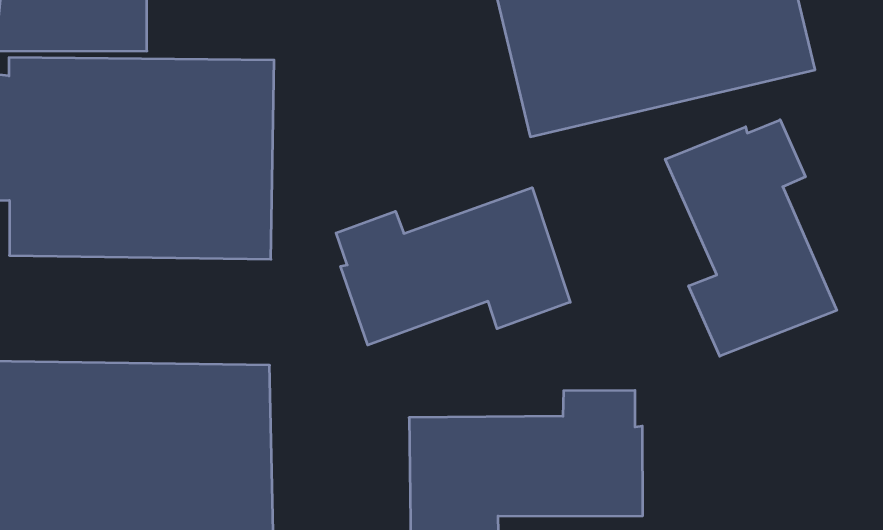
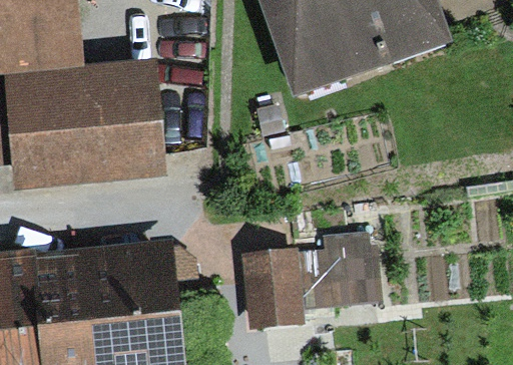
building: [665,120,837,356] -> none
building: [336,188,570,345] -> none

